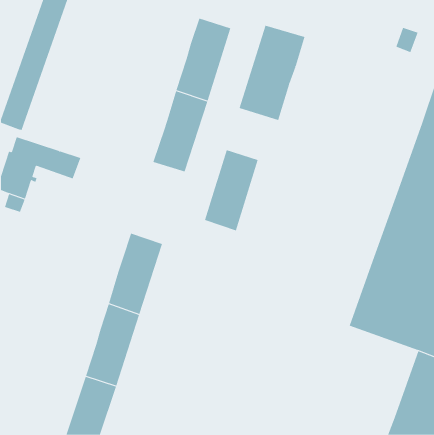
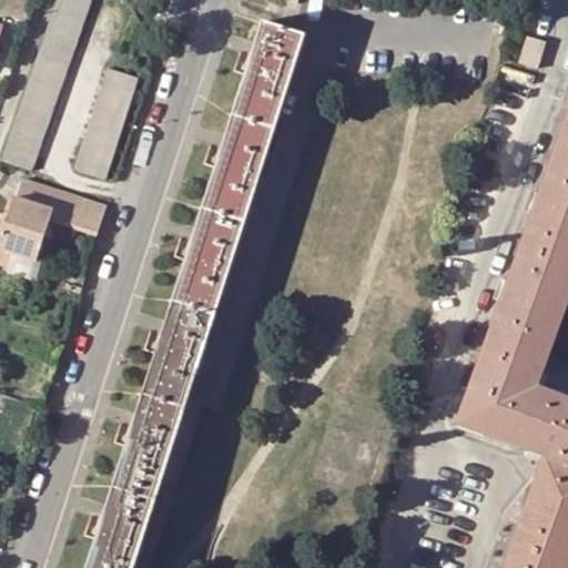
building: [239,25,305,121] -> none
building: none -> [75,68,138,179]
building: [204,149,259,231] -> [172,211,243,317]

